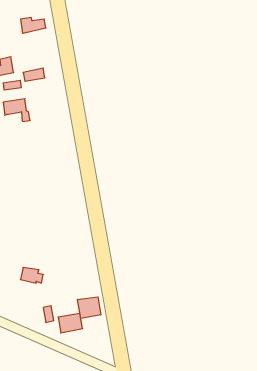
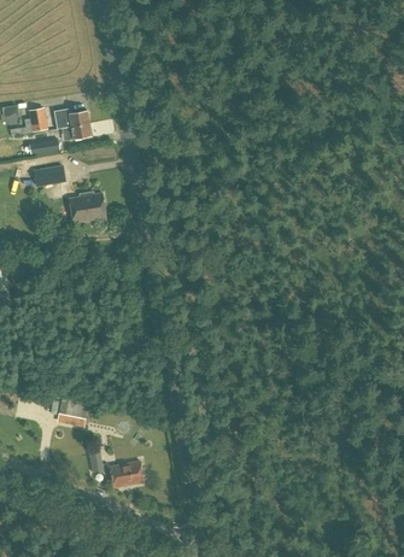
building: [21,18,46,33] -> [53,107,88,129]
building: none -> [69,193,105,222]
building: [78,297,101,318] -> none

